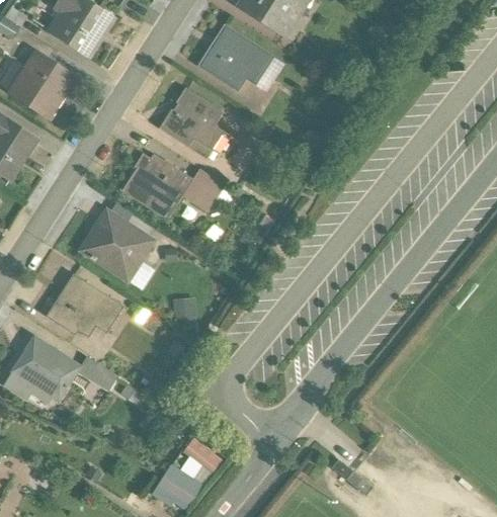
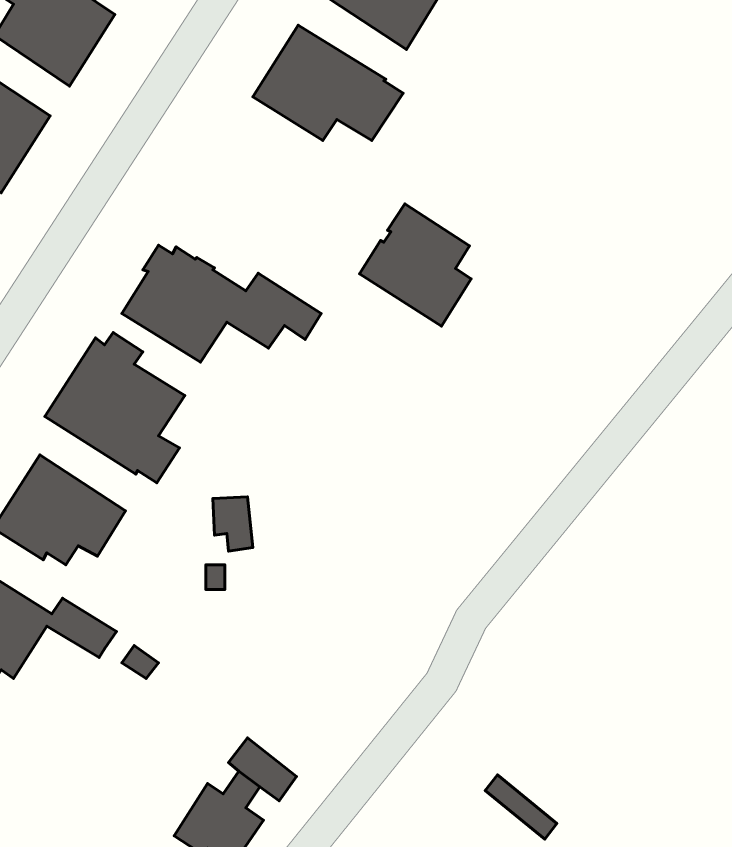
building: [158,87,223,158] -> [359,204,471,326]

